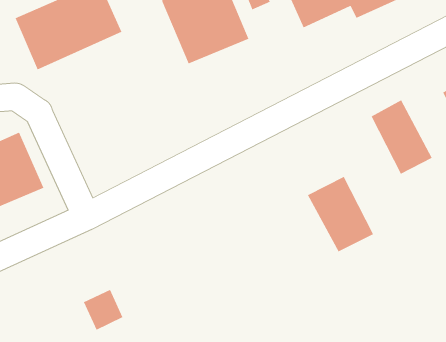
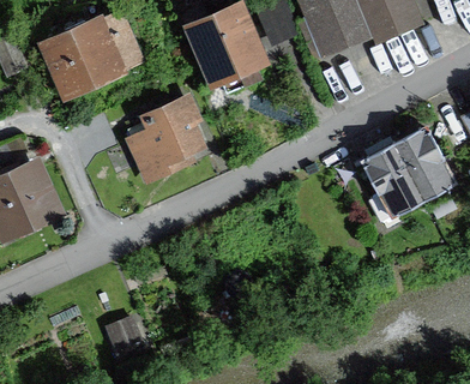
building: none -> [125,92,209,185]
building: [307,176,374,253] -> [355,142,422,218]

